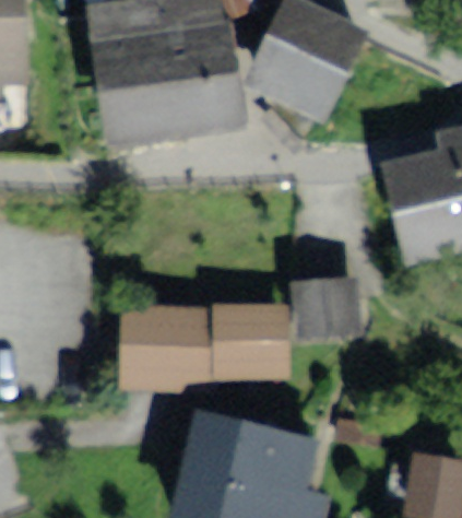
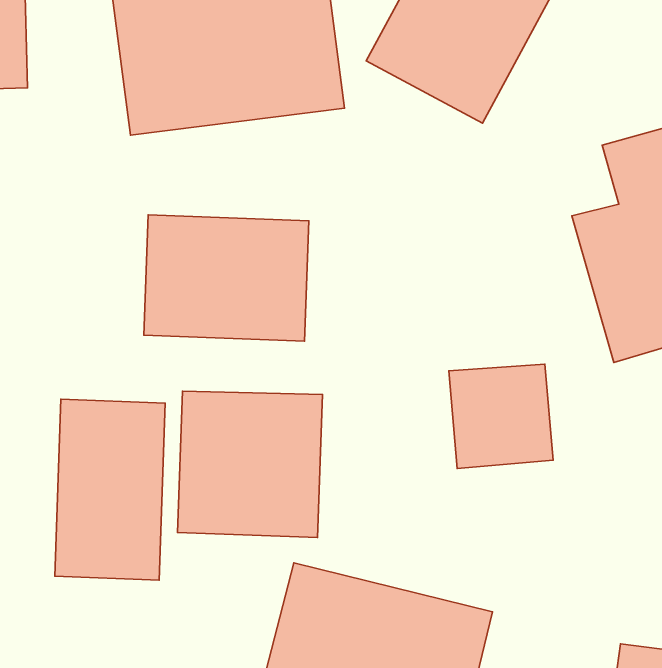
building: none -> [144,215,309,341]
building: [228,295,298,380] -> none
building: none -> [55,399,165,580]

